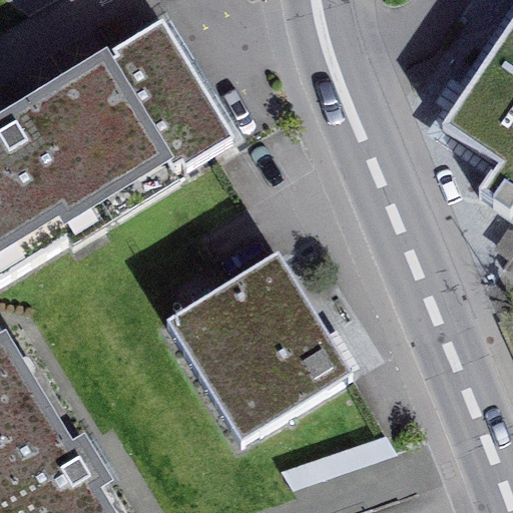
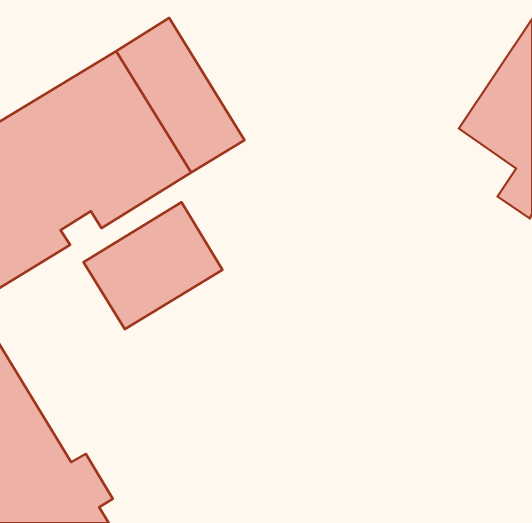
building: none -> [84,202,222,329]
building: [164,248,351,439] -> none

